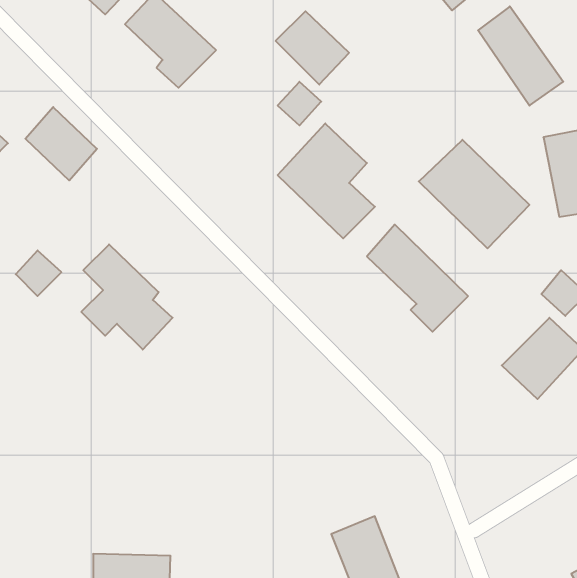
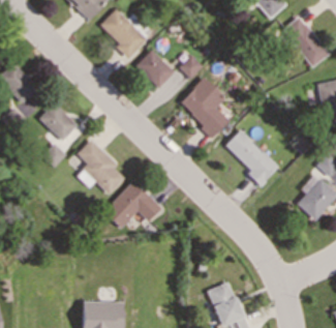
building: [276,11,349,85] -> [135,50,174,88]
building: [25,107,97,180] -> [39,102,77,141]
building: [419,140,529,248] -> none
building: none -> [103,181,160,229]

